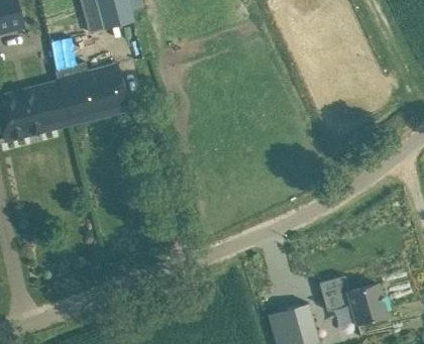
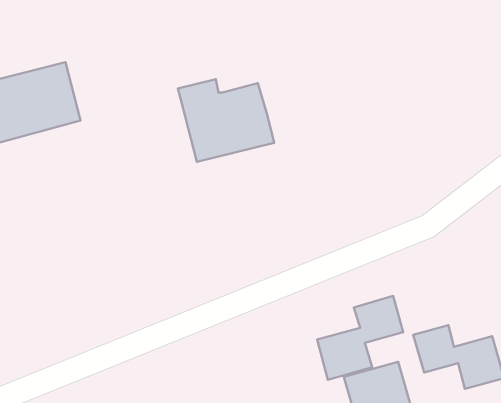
building: [57,63,128,124] -> [178,79,274,162]
building: none -> [317,296,403,380]

